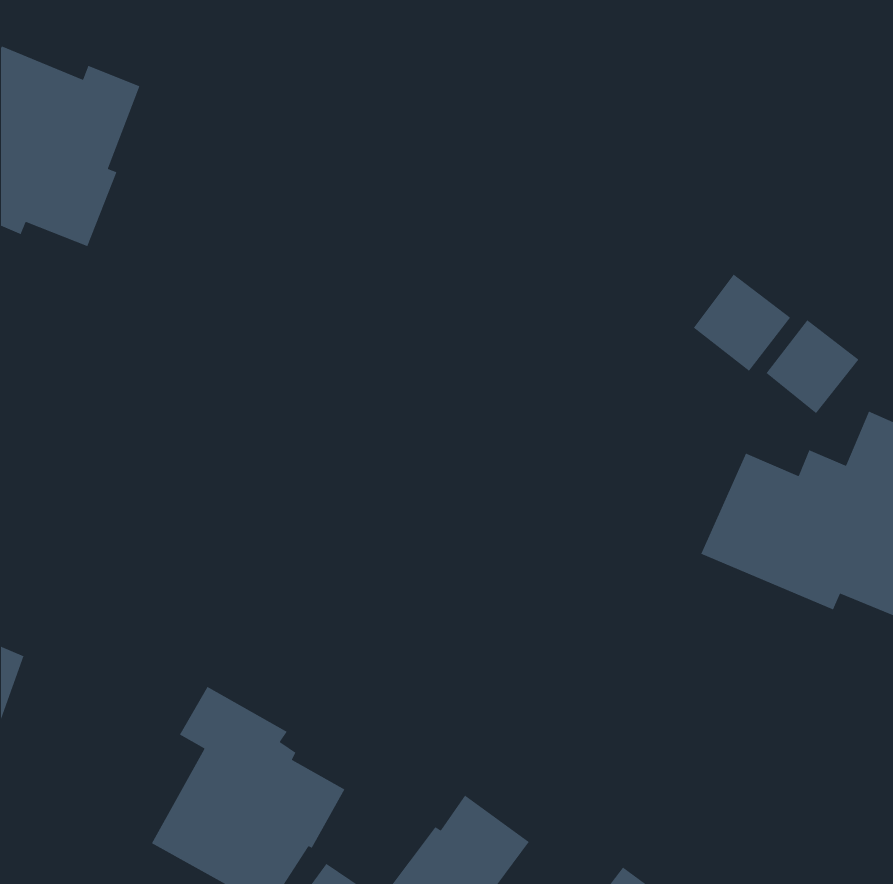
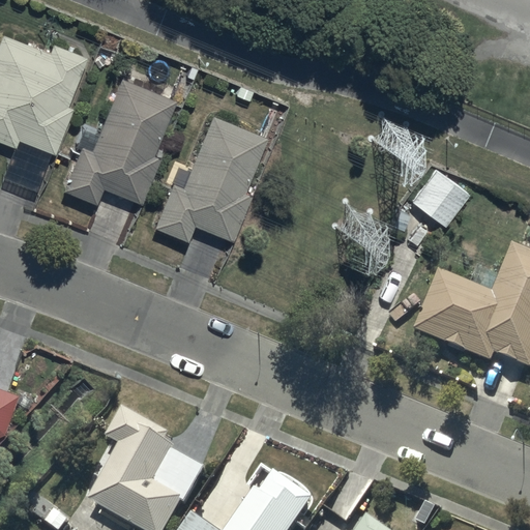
building: none -> [63,77,176,204]
building: none -> [153,115,268,242]
building: [766,319,859,414] -> none

